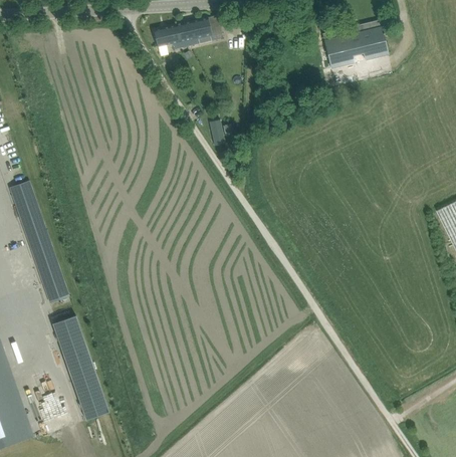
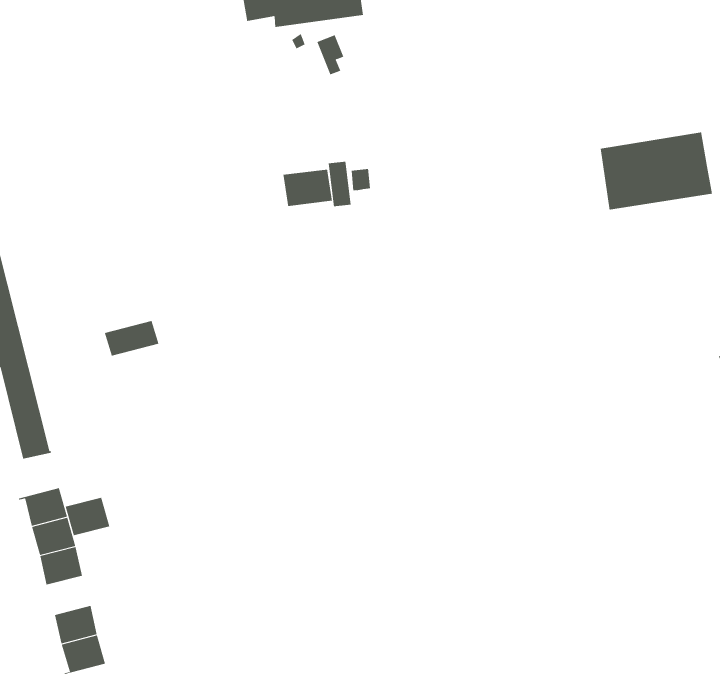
building: [321,21,387,69] -> [600,132,713,210]
building: none -> [283,169,333,207]
building: none -> [104,320,159,356]
building: [70,365,96,388] -> [65,497,110,536]

